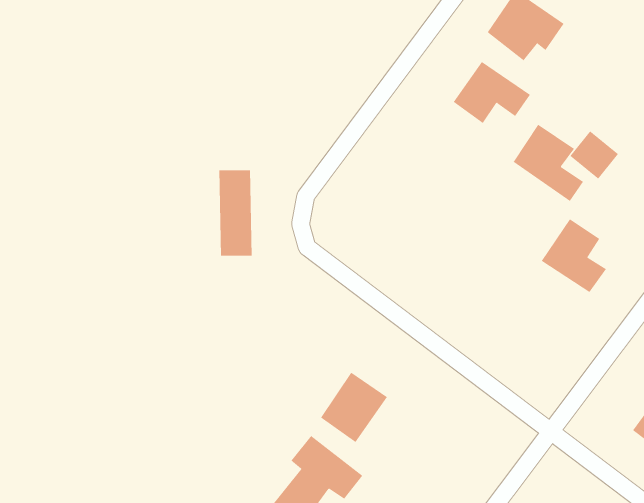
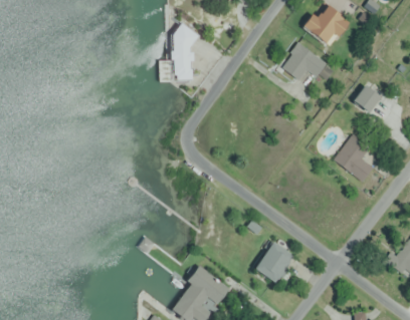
building: [513,124,584,202] -> none
building: [219,170,252,256] -> [172,29,192,80]
building: [320,372,388,443] -> [254,241,294,283]

